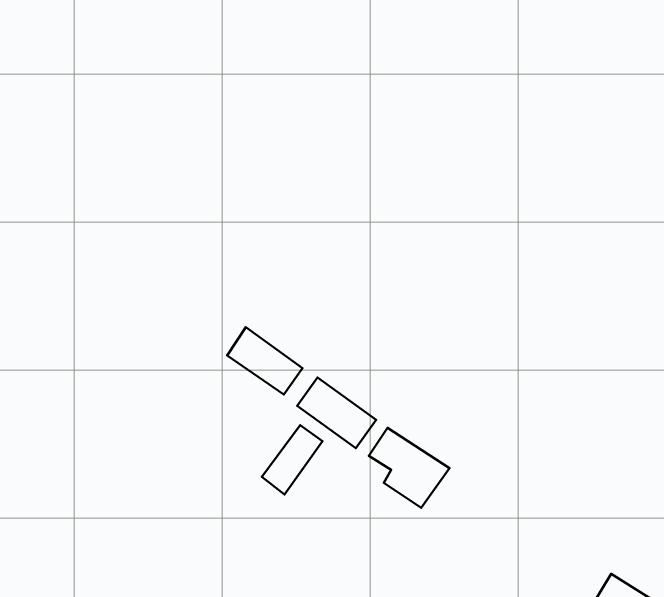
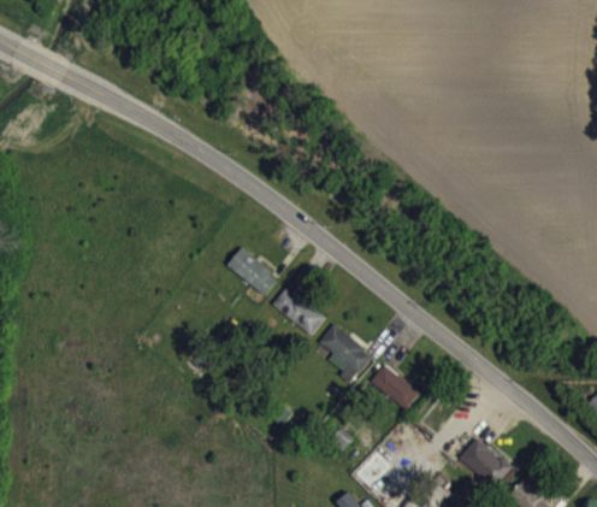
building: [262,425,322,494] -> none
building: none -> [371,364,419,409]

